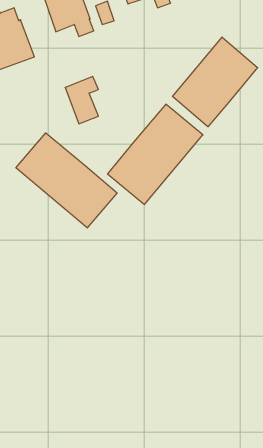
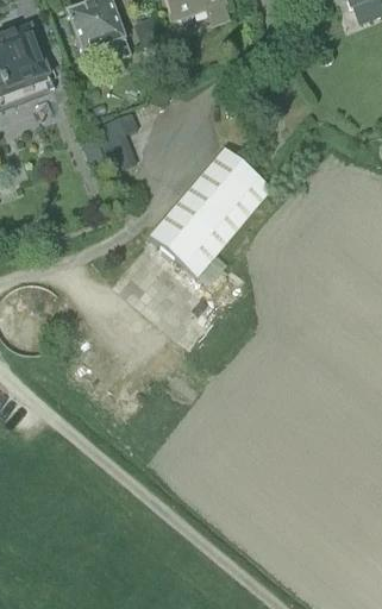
building: [173,37,258,127] -> none
building: [16,133,117,228] -> none

